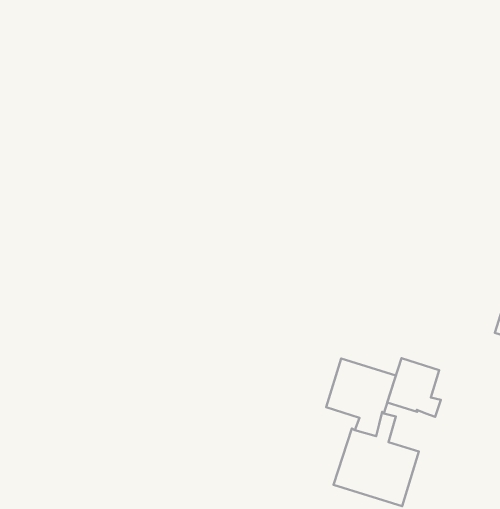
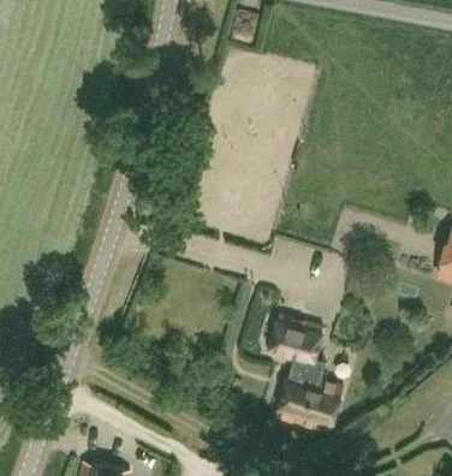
building: [387,358,441,417] -> none

